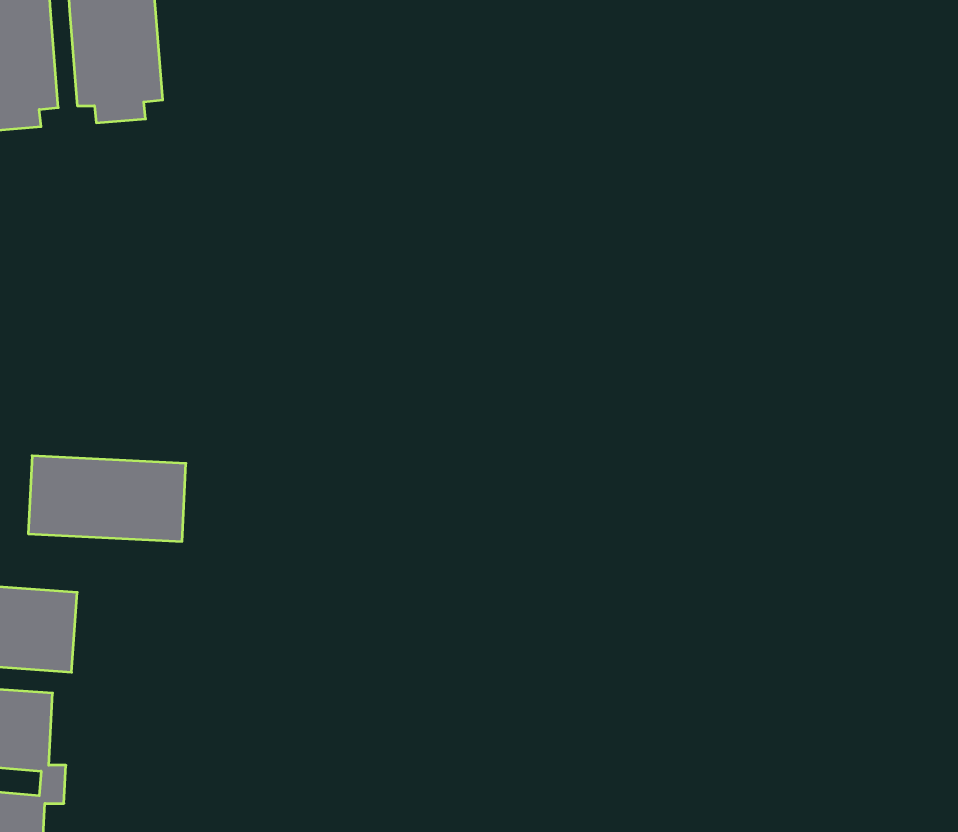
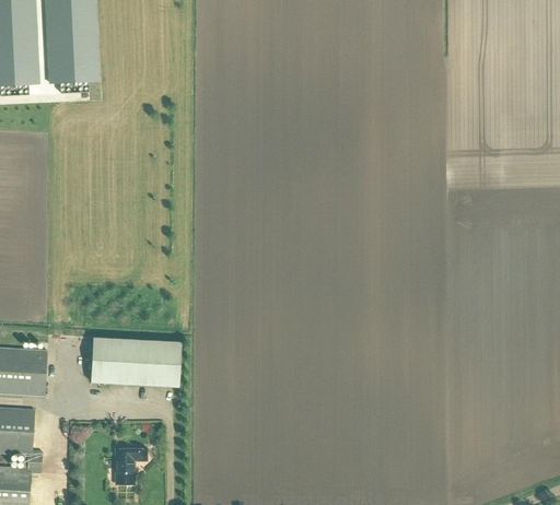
building: [28,456,186,541] -> [91,339,182,388]
building: none -> [115,447,145,483]

